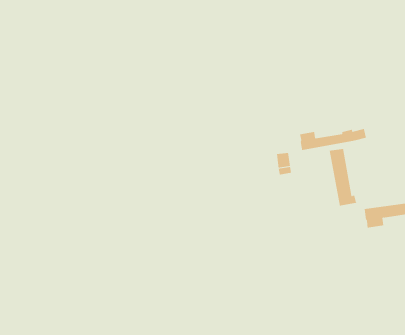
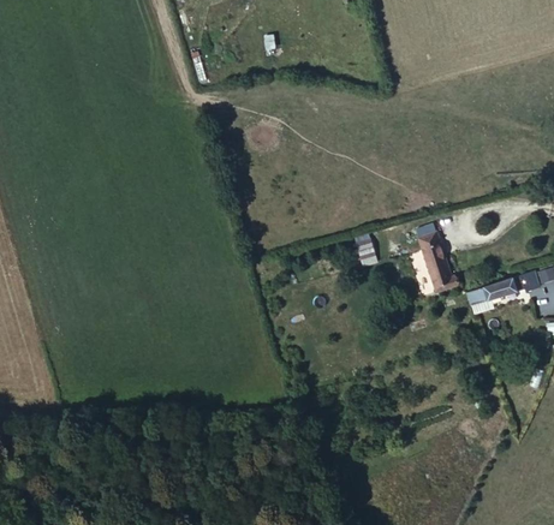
building: [299,128,366,151] -> none

